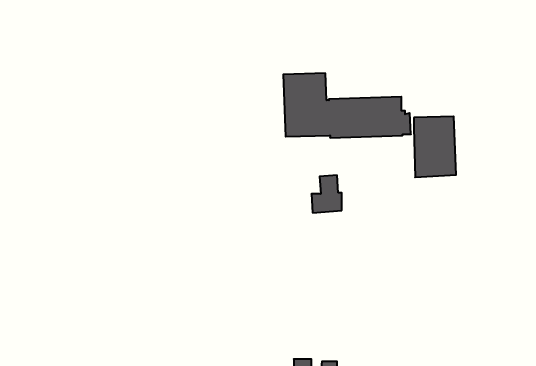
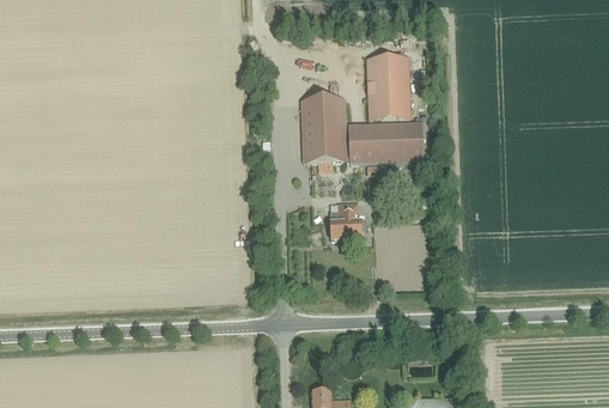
building: [414,116,456,177] -> [366,56,409,118]

